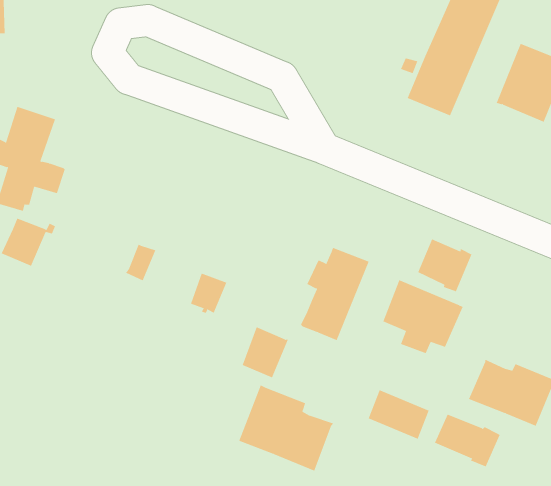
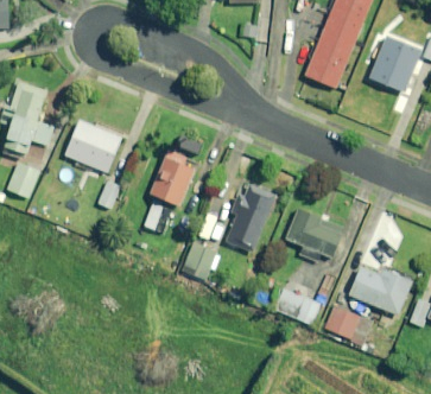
building: none -> [63,120,121,173]
building: none -> [148,150,195,206]
building: [417,238,472,292] -> none
building: [238,385,334,472] -> none

